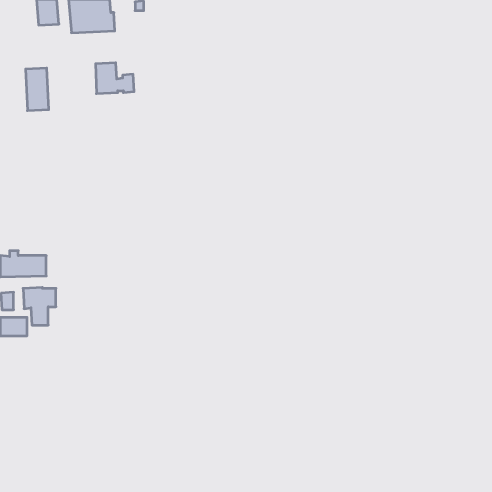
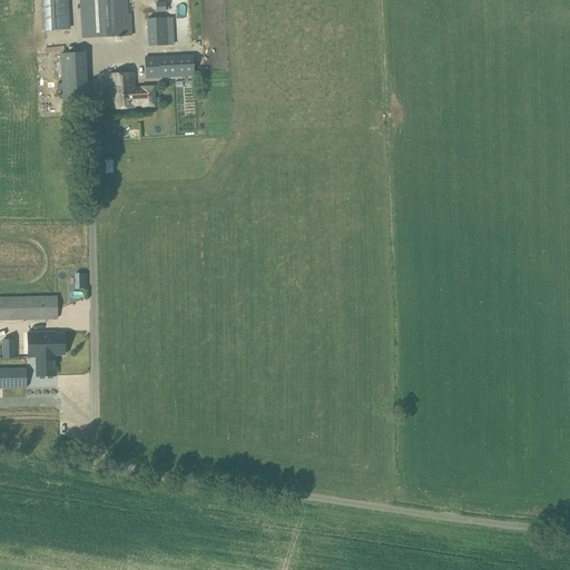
building: none -> [148,17,169,46]
building: none -> [146,55,196,79]
building: [26,68,49,111] -> [61,51,88,100]

